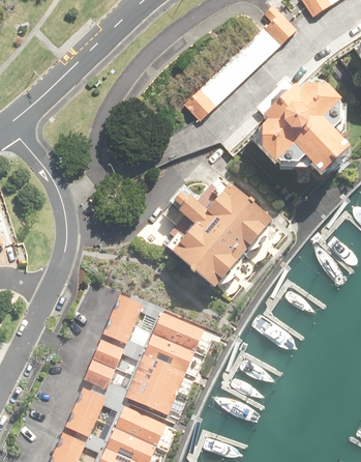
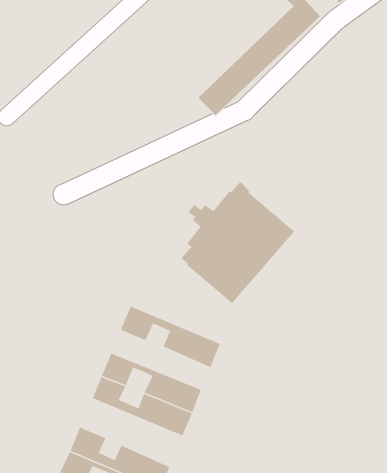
building: [261,81,352,182] -> none
building: [103,315,195,370] -> none
building: [74,383,168,441] -> none

